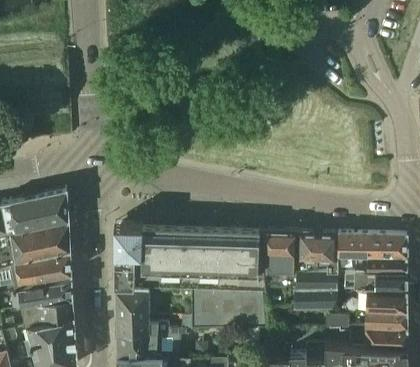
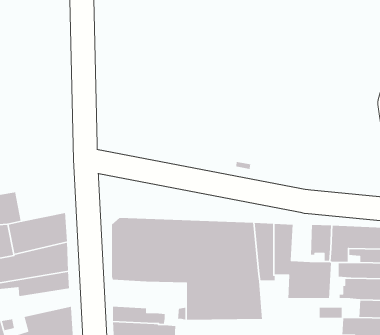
building: [17,190,68,230] -> none
building: [297,233,317,271] -> none
building: [114,290,150,318] -> none
building: [21,299,74,327] -> none

